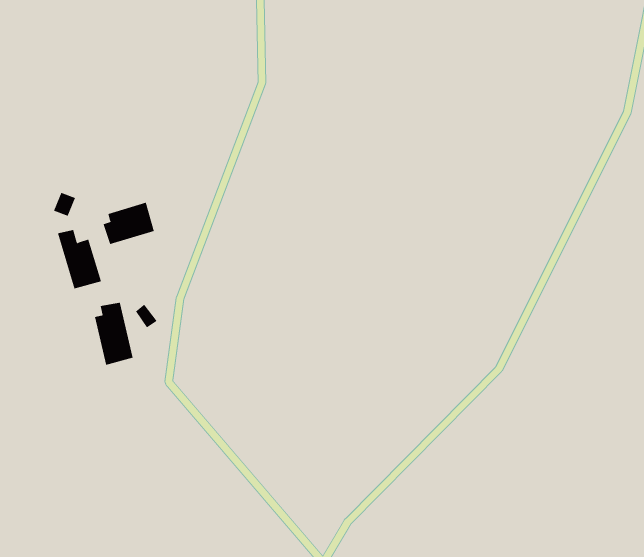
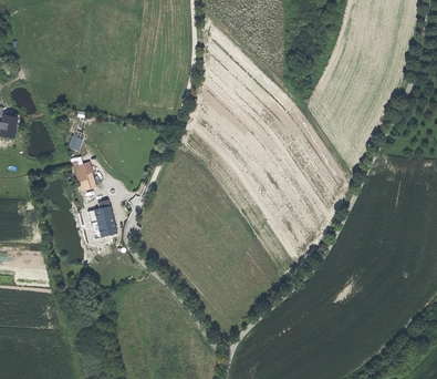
building: [103,202,154,245] -> none

